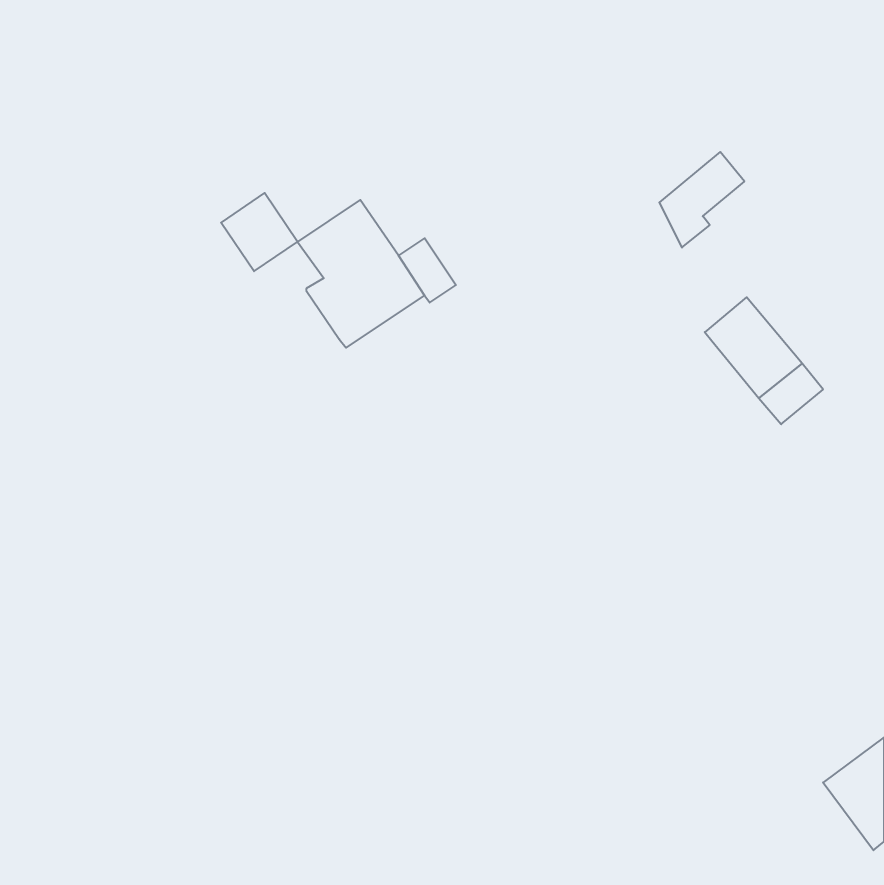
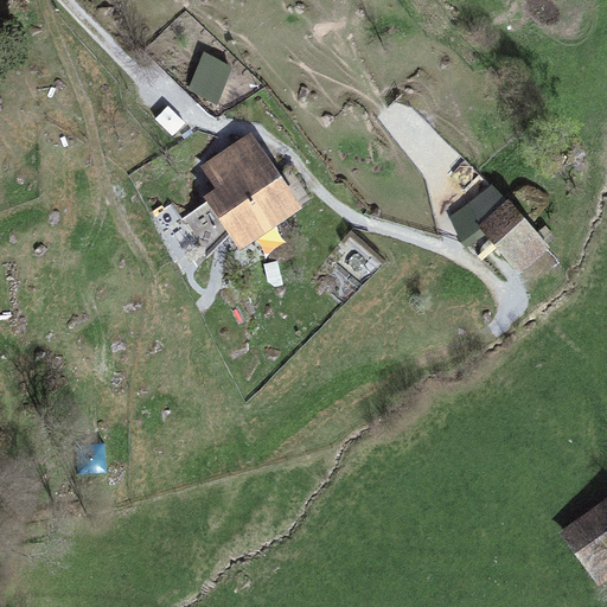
building: none -> [193,51,231,96]
building: [659,152,744,248] -> [451,183,509,248]
building: [221,193,298,271] -> [179,198,231,251]

